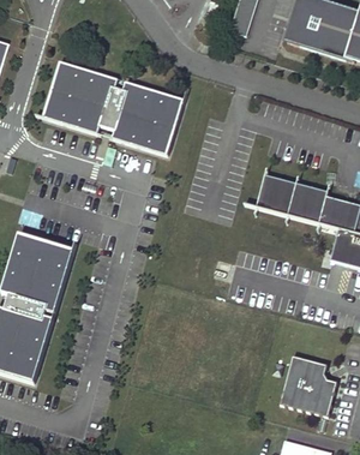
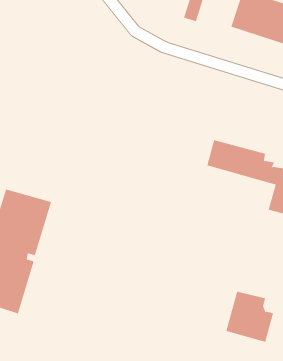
building: [41,60,184,155] -> none

